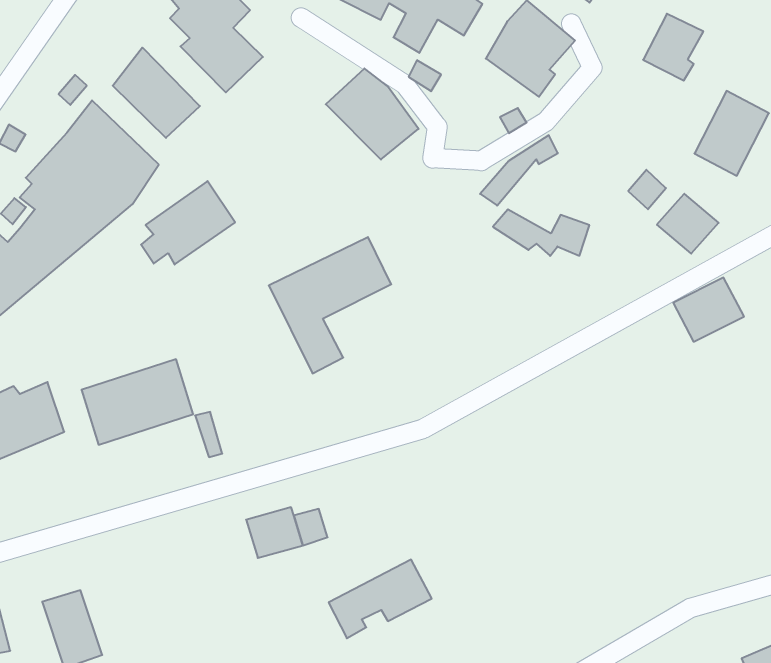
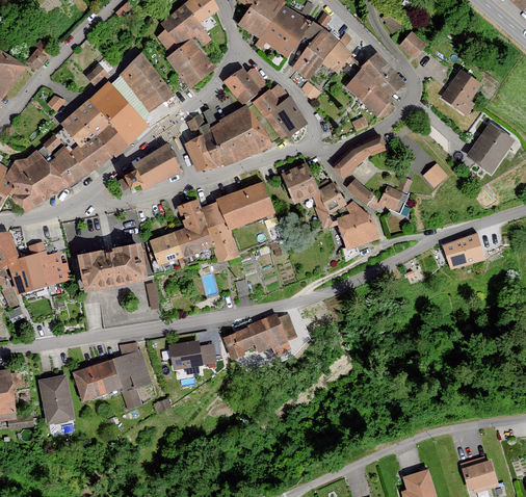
building: none -> [225,68,267,104]
building: none -> [186,107,269,171]
building: [657,194,719,254] -> none
building: none -> [274,162,373,250]
building: none -> [150,204,213,267]
building: none -> [74,350,150,407]
building: [329,560,432,638] -> [223,317,286,360]

